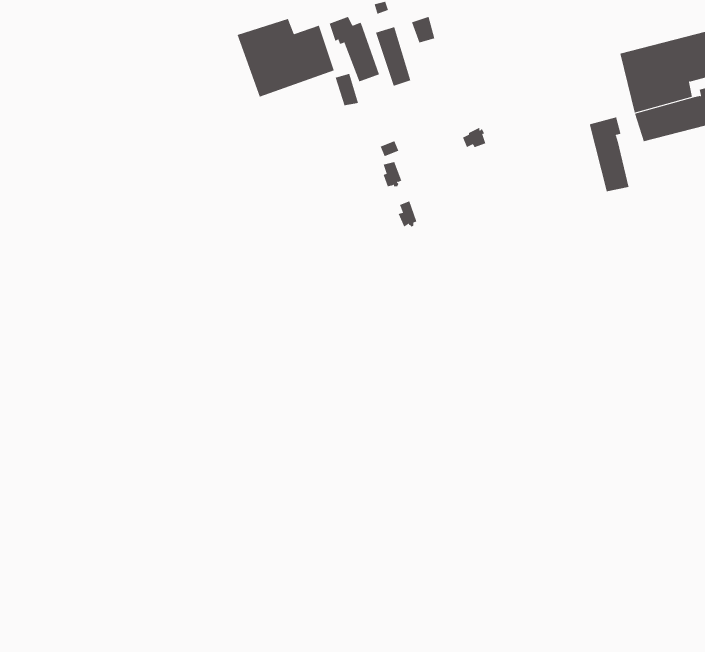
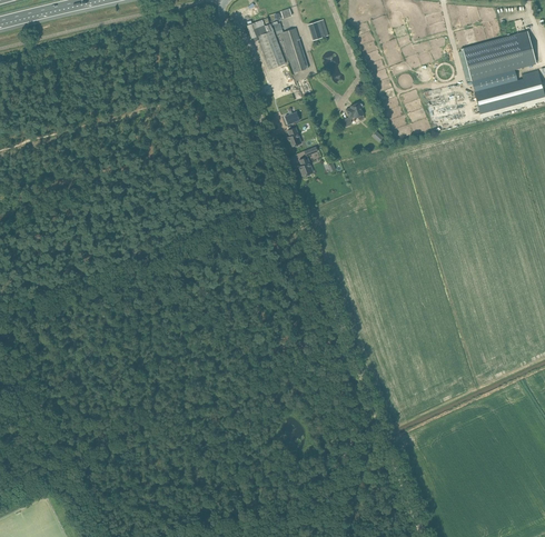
building: [237,18,335,97] -> none
building: [589,116,629,192] -> none

